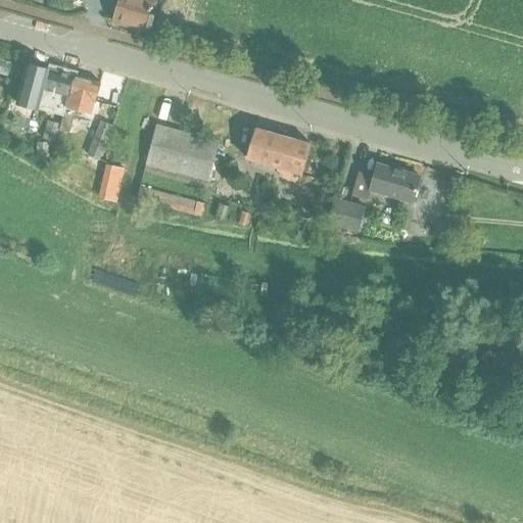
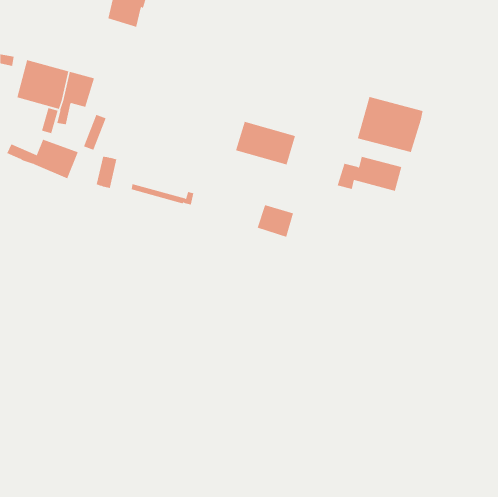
building: none -> [357,96,423,153]
building: [145,131,216,178] -> none
building: none -> [6,139,78,179]
building: [326,197,365,232] -> [257,204,294,238]

